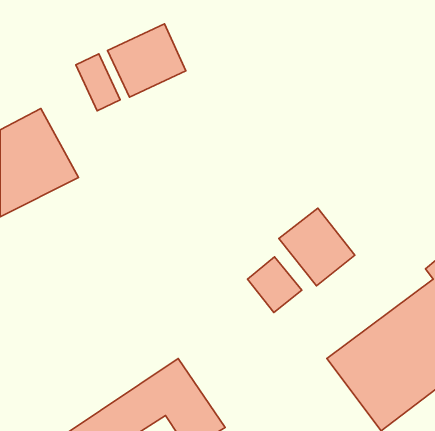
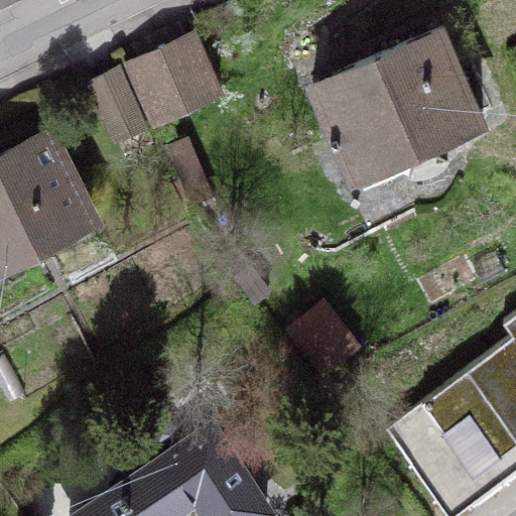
building: none -> [310,30,483,175]
building: [279,208,355,286] -> none

